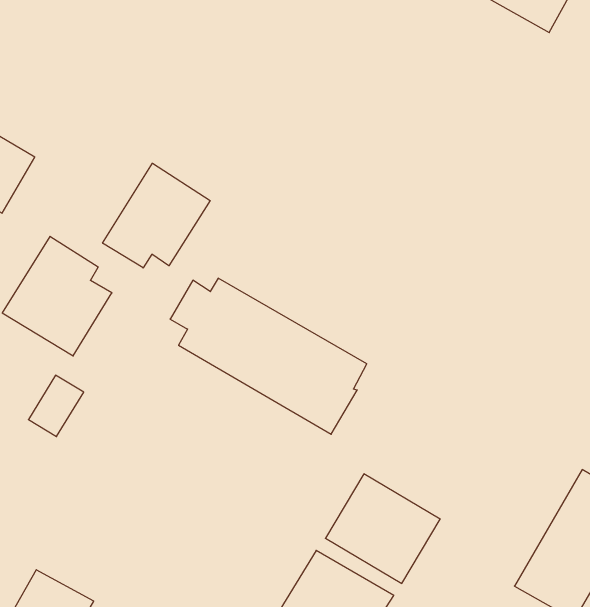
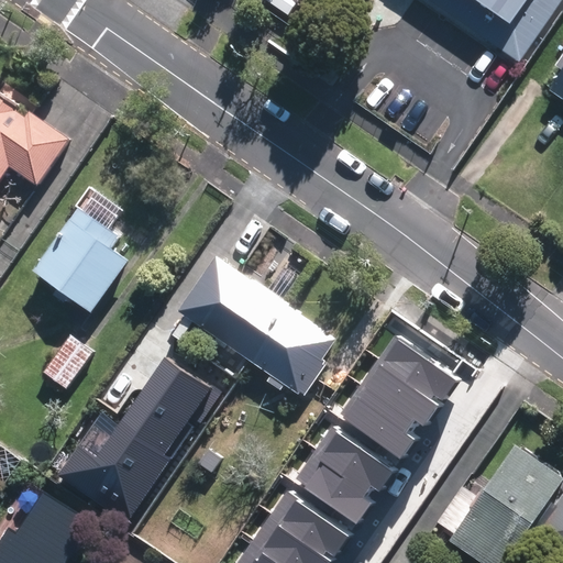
building: [103,163,210,268] -> none
building: none -> [335,339,456,464]
building: none -> [54,356,216,525]

